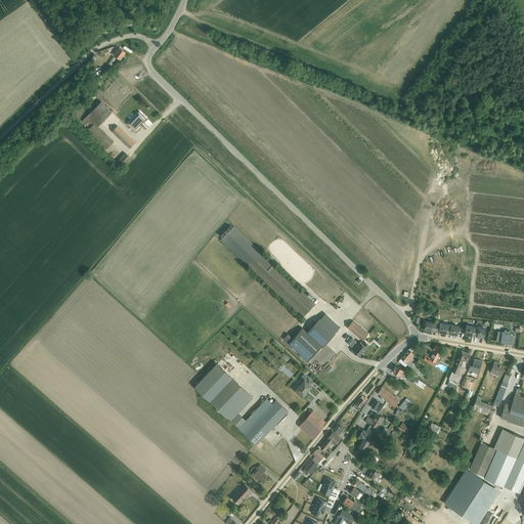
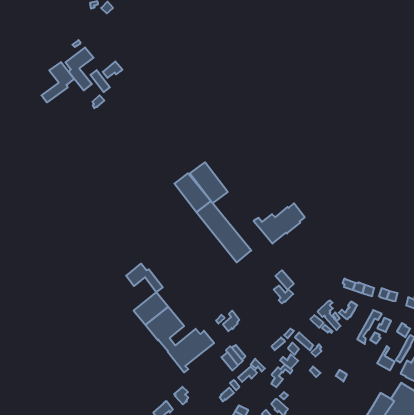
building: none -> [41,62,74,102]
building: none -> [190,162,228,203]
building: [283,313,340,361] -> [254,203,305,244]
building: none -> [126,264,163,292]

